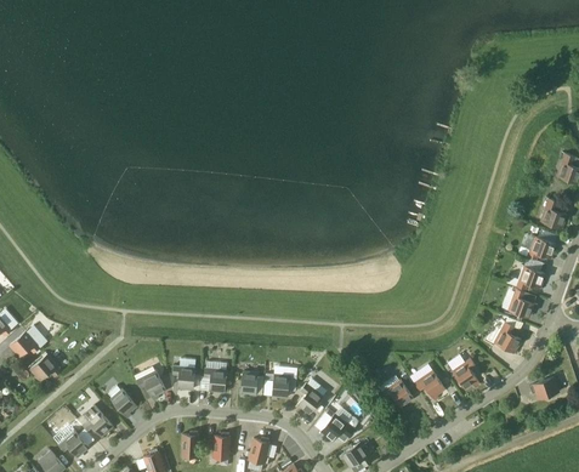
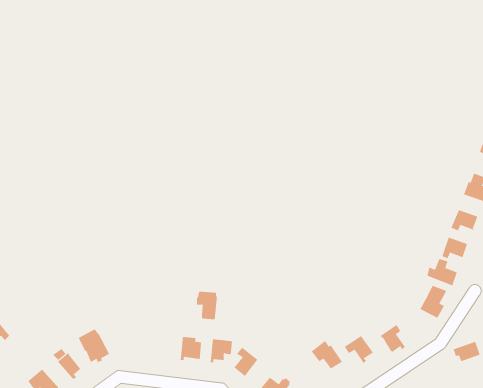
building: [172,358,195,391] -> none
building: [204,362,227,393] -> [196,291,218,321]

